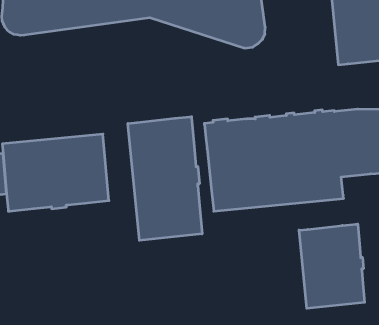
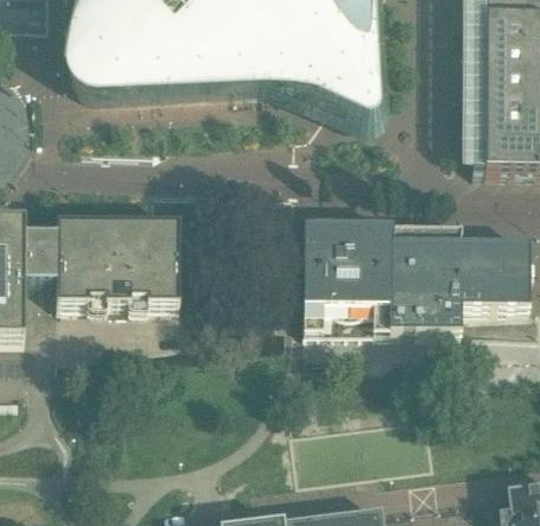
building: [128,117,202,240] -> none
building: [299,224,365,308] -> none

